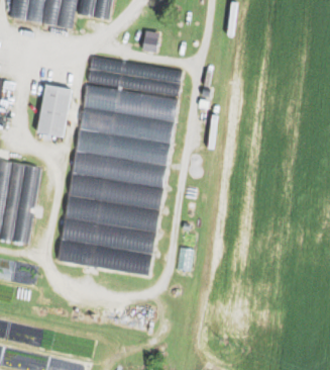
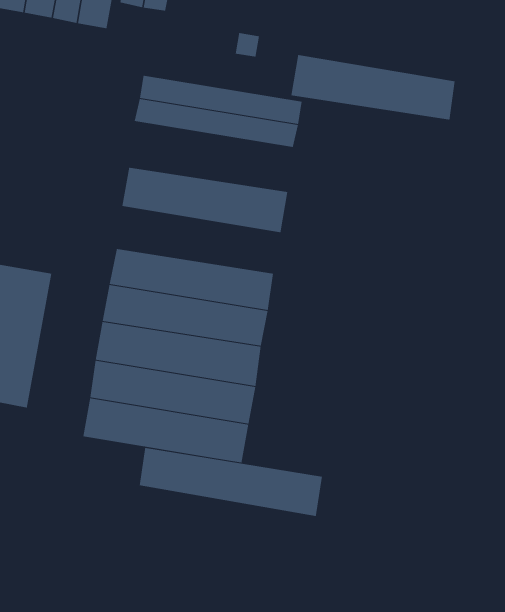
building: [35,83,71,135] -> none
building: [84,84,178,121] -> [291,55,456,120]
building: [77,130,171,168] -> none
building: none -> [139,447,323,517]

